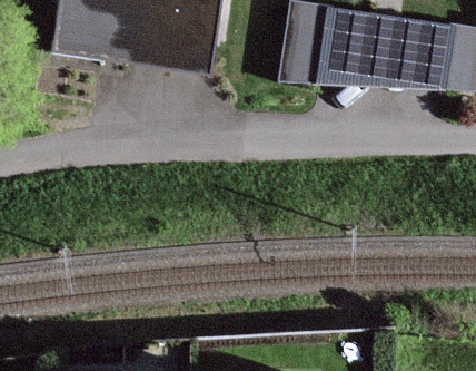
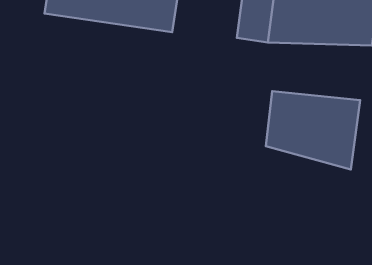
building: none -> [266,91,360,169]

